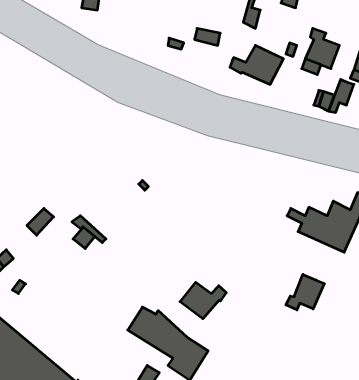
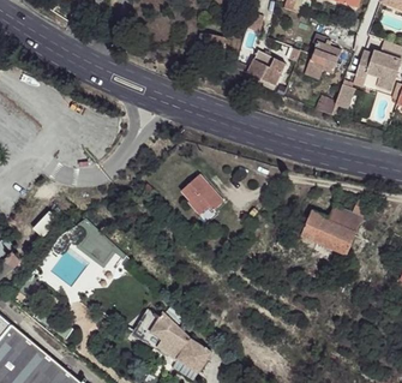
building: none -> [181,174,223,214]
building: [286,274,324,310] -> none
building: [180,282,226,319] -> none

